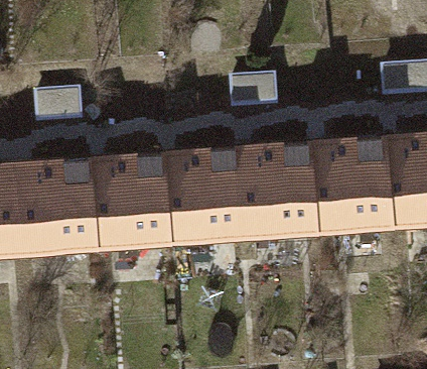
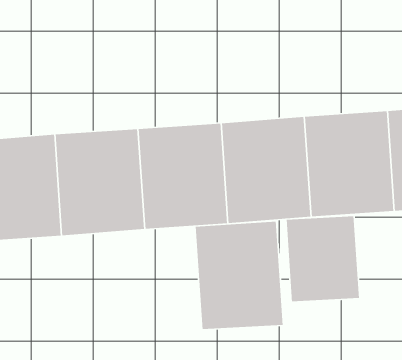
building: none -> [286,216,360,302]
building: none -> [195,221,284,330]

